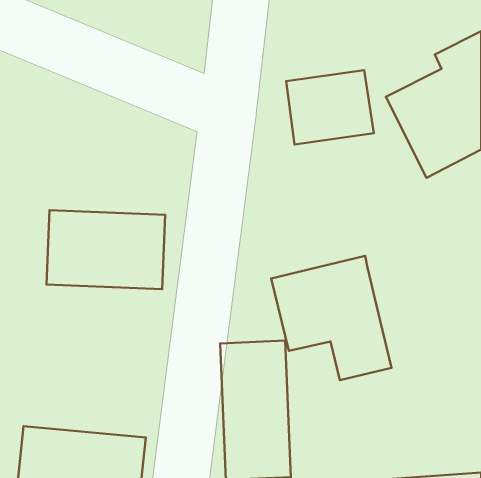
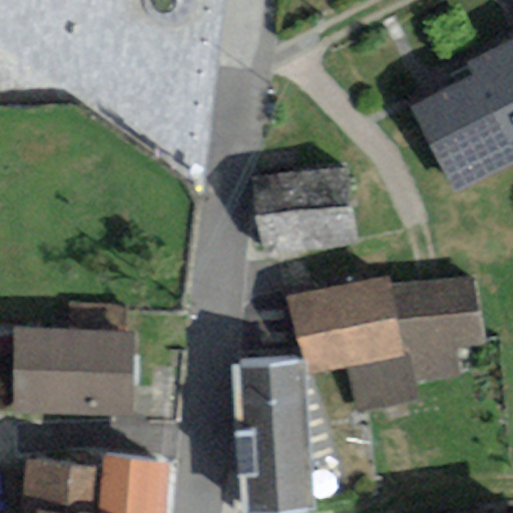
building: [286,70,374,144] -> [262,174,355,253]
building: [47,210,165,289] -> [12,328,138,412]
building: none -> [391,278,484,385]

